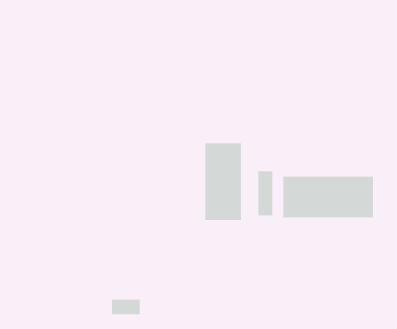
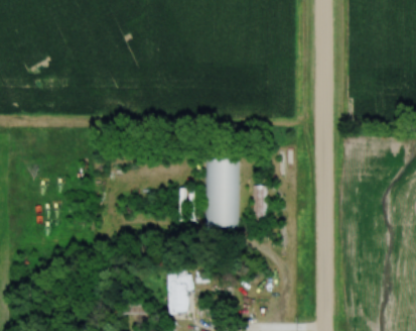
building: [283,176,374,218] -> none
building: none -> [168,270,190,316]

